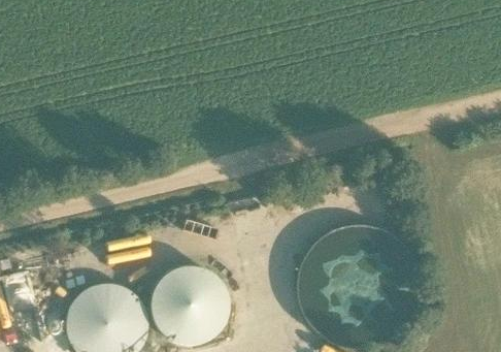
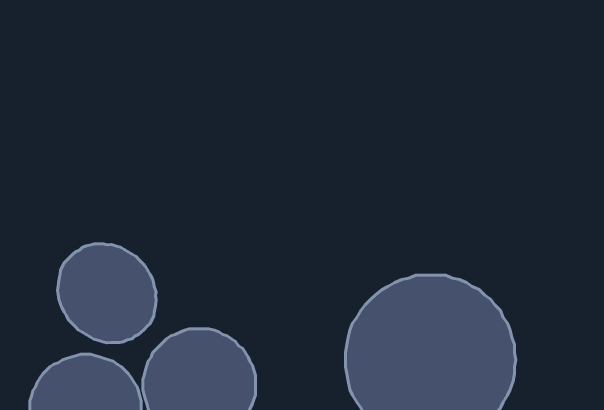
building: none -> [58,244,156,343]

